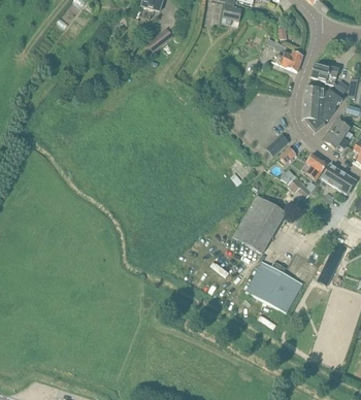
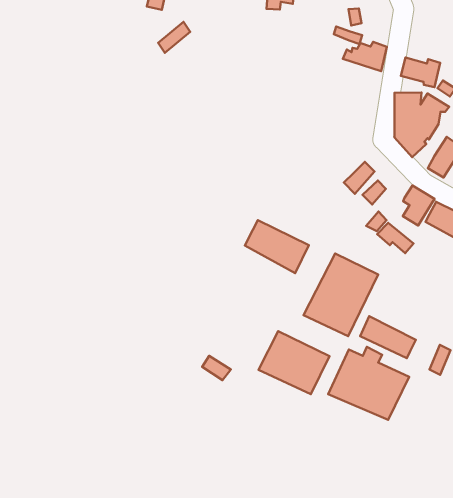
building: none -> [245,220,309,273]
building: none -> [360,316,416,358]
building: none -> [258,331,329,394]

